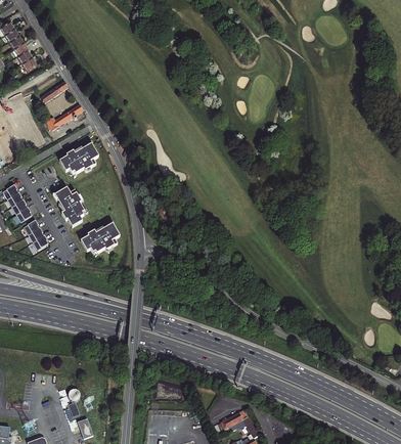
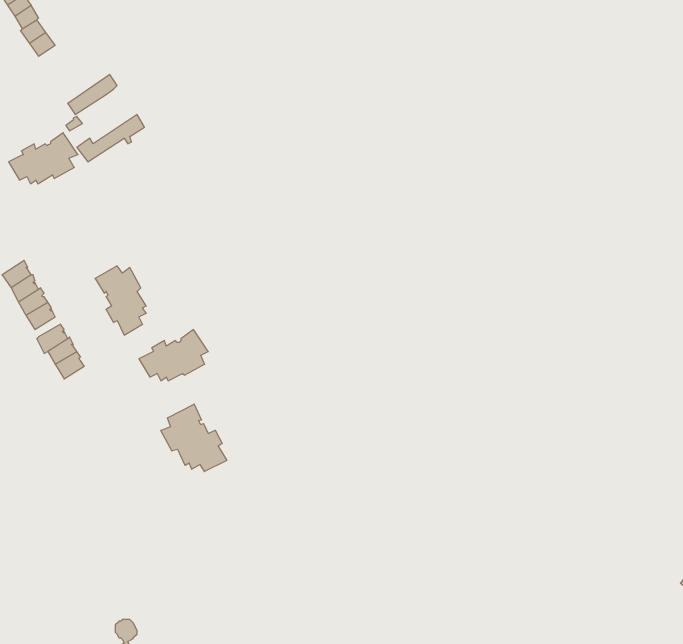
building: [59,144,98,173] -> [9,133,78,184]
building: none -> [161,404,227,472]

